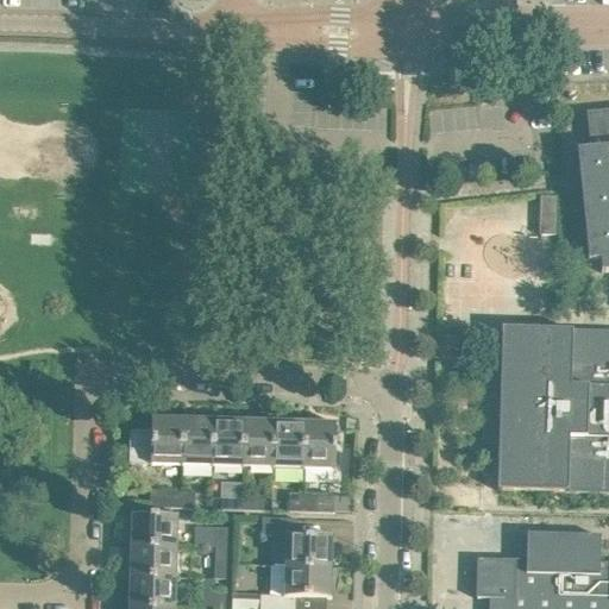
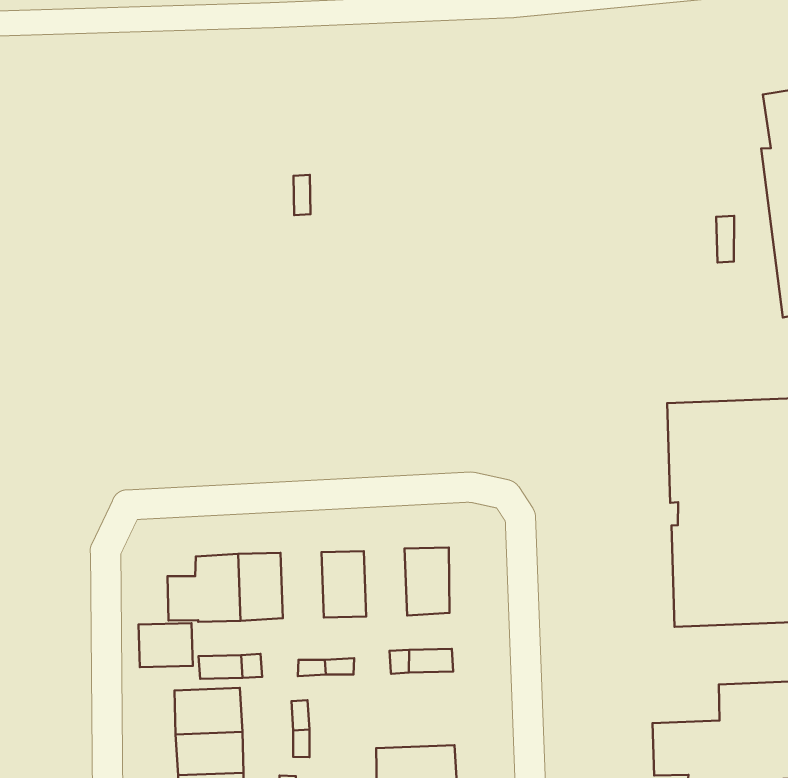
building: [213,416,244,465] -> none
building: [274,419,304,467] -> none
building: none -> [138,623,193,667]
building: [262,515,333,564] -> none

